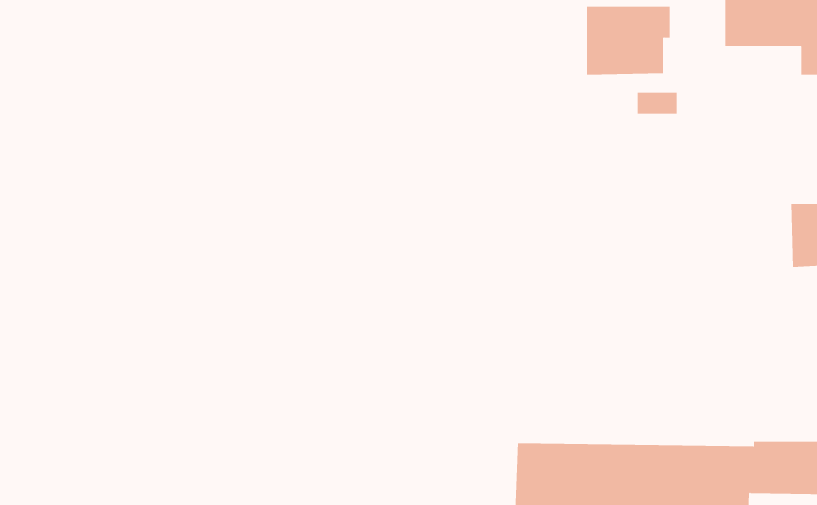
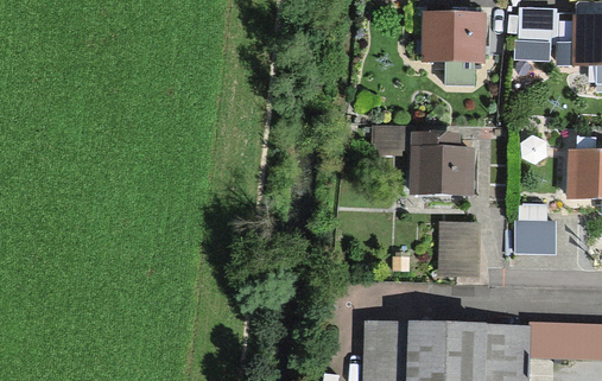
building: none -> [375,123,476,193]
building: none -> [515,220,556,255]
building: none -> [441,222,480,275]

